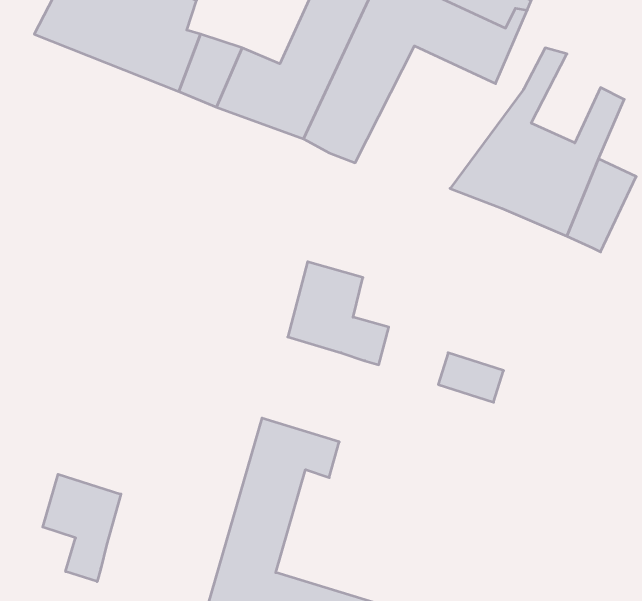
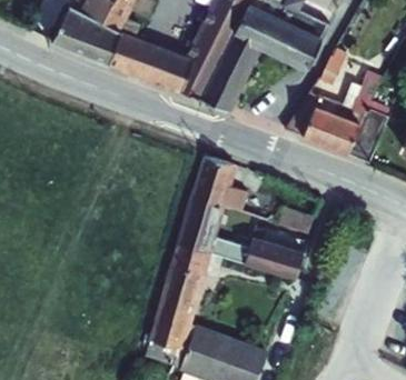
building: none -> [179,204,303,286]
building: [43,474,121,582] -> none

